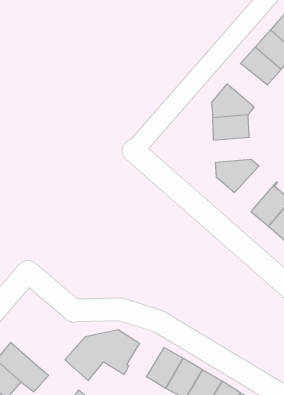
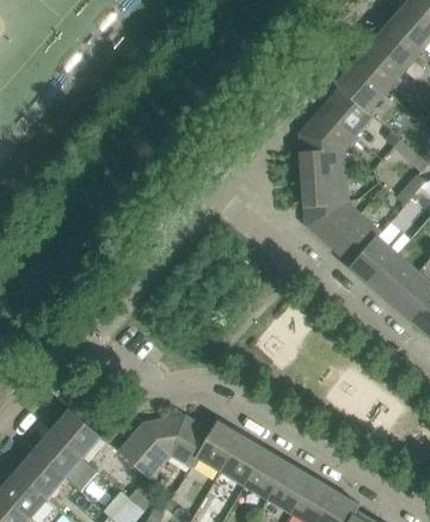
building: none -> [318,87,371,139]
building: none -> [301,176,348,207]
building: none -> [327,211,379,264]
building: none -> [51,409,100,456]
building: none -> [195,420,240,471]

